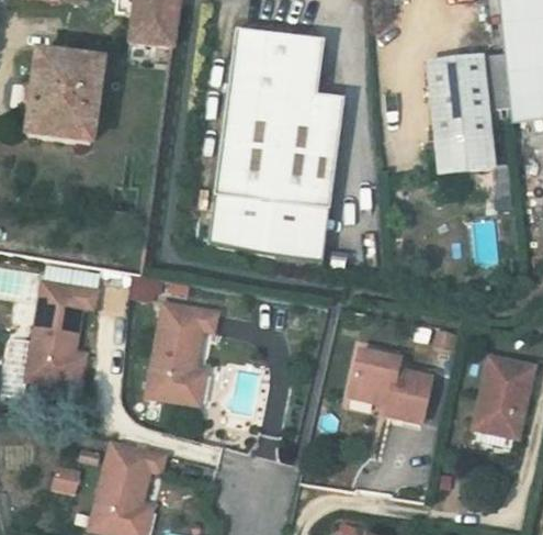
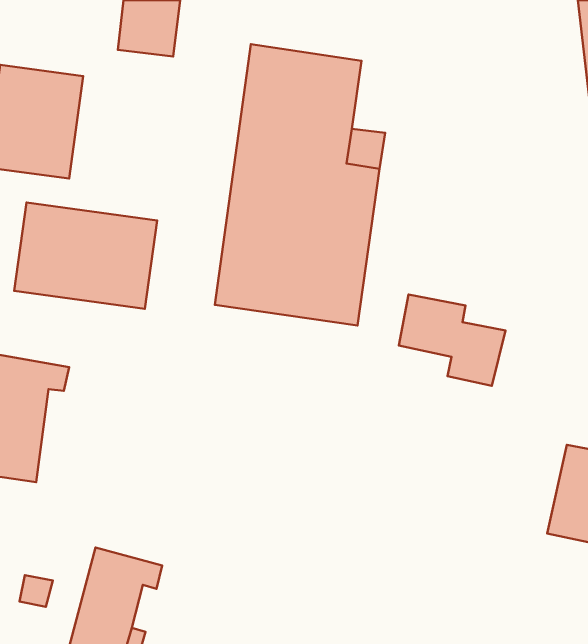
building: [428,59,494,175] -> none
building: none -> [14,202,157,309]
building: [146,302,218,401] -> none
building: [351,344,435,416] -> [399,294,506,386]

